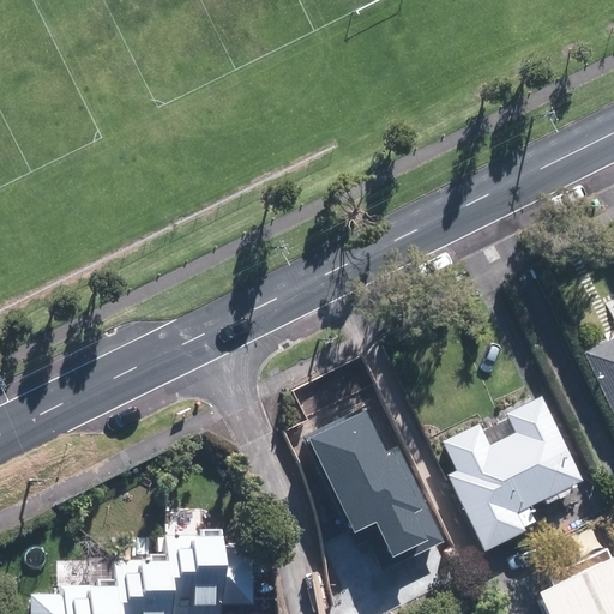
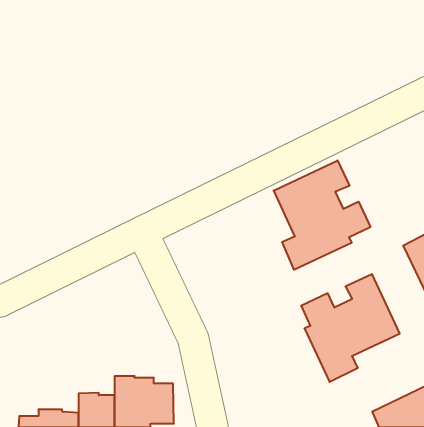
building: none -> [274,160,370,270]
building: [317,411,446,564] -> none

